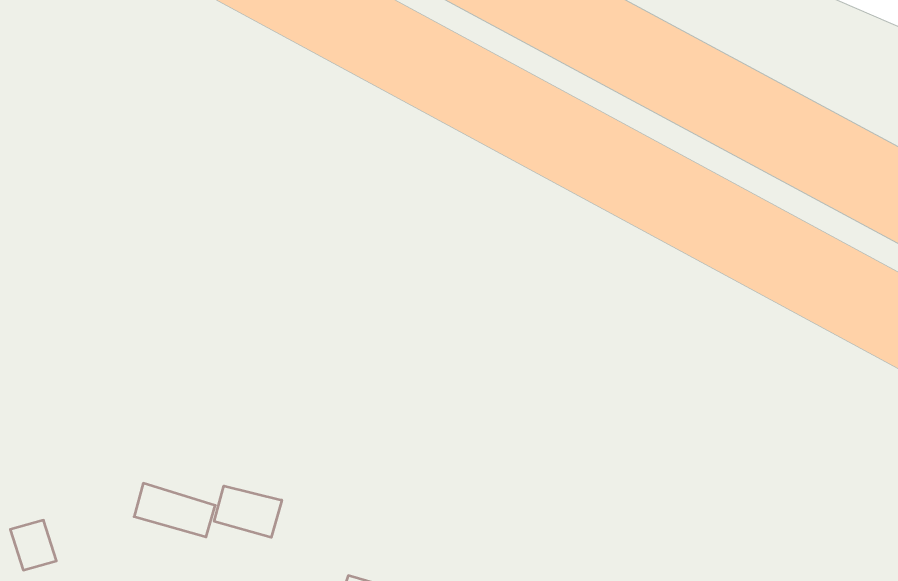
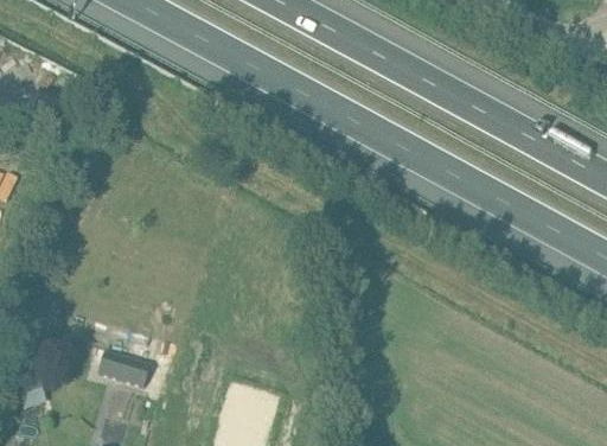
building: [214,486,282,537] -> none

